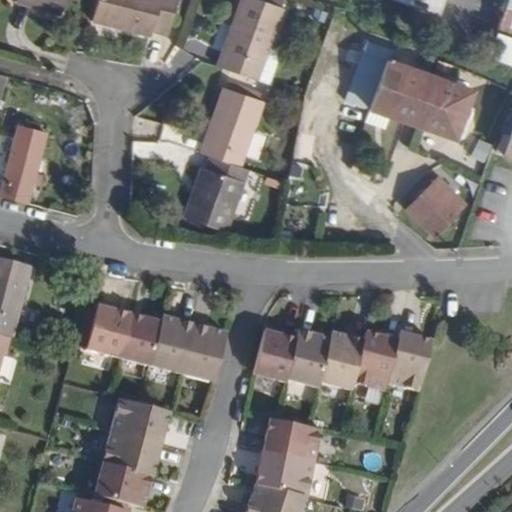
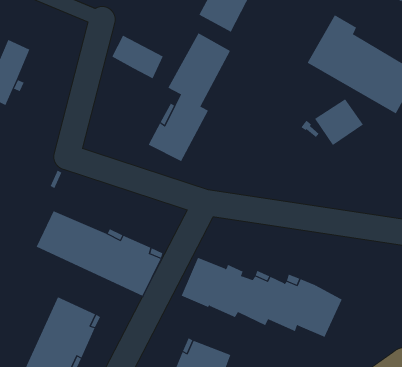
building: none -> [111,35,164,79]
building: [406,176,461,230] -> [314,98,364,146]

